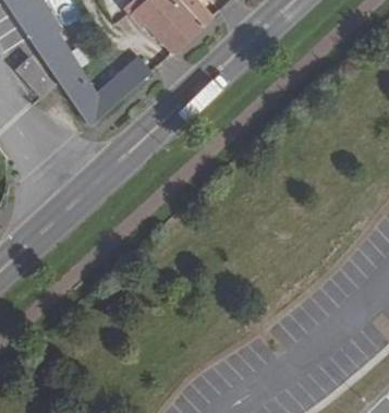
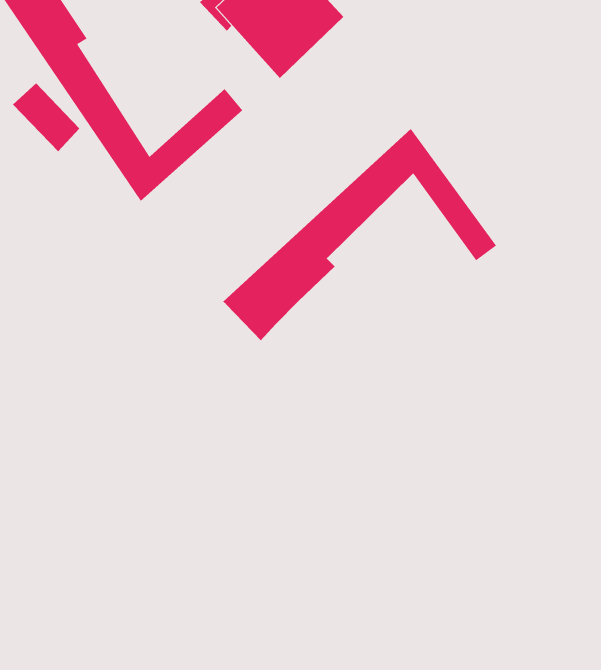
building: none -> [222,128,497,341]

